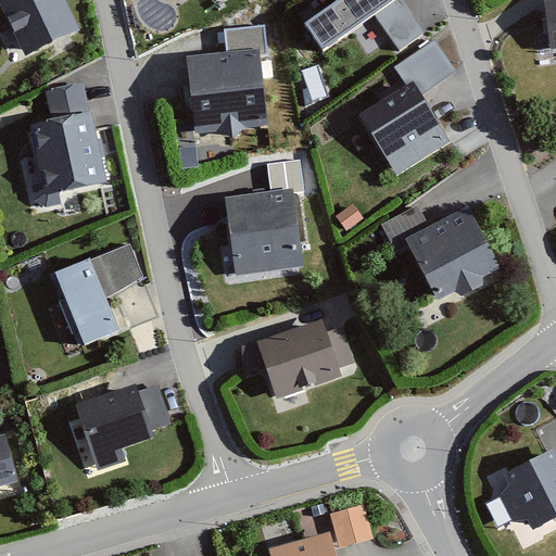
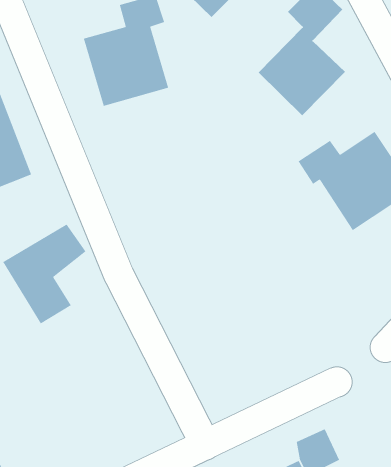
building: [220,161,304,273] -> none
building: [242,320,354,399] -> none
building: [67,377,169,471] -> none

